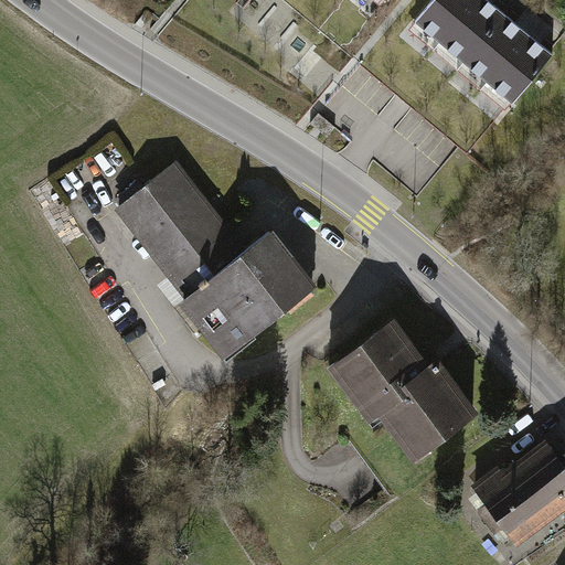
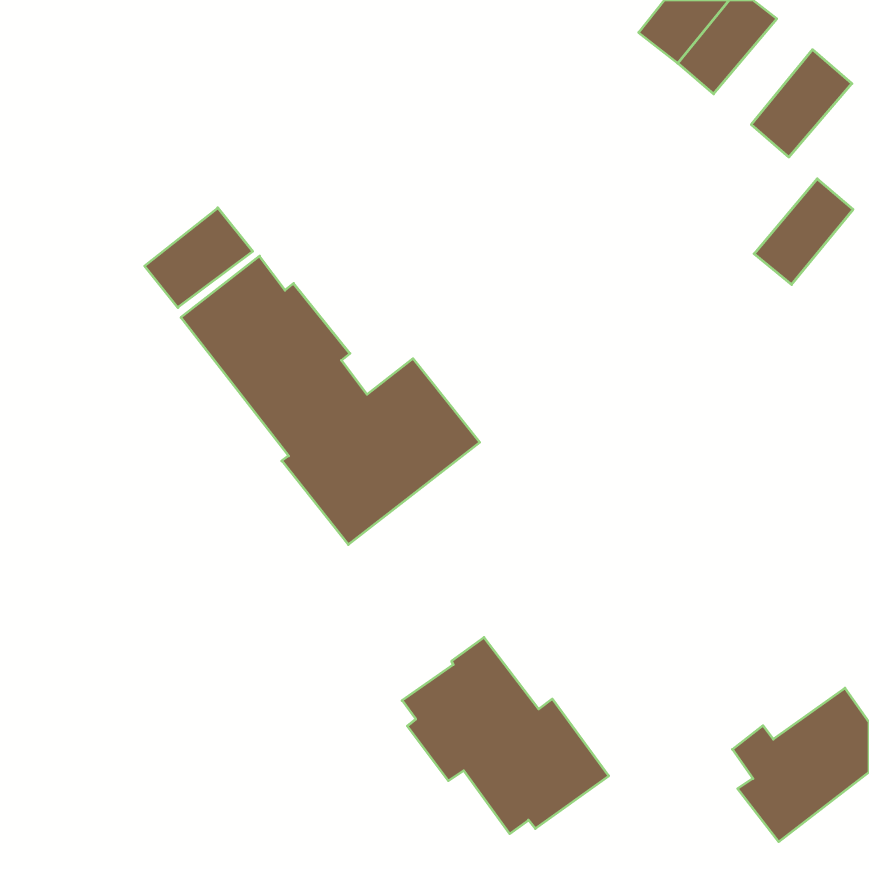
building: [461,14,525,83] -> [754,179,853,285]
building: none -> [145,208,253,308]
building: [338,323,471,450] -> [402,637,609,834]

